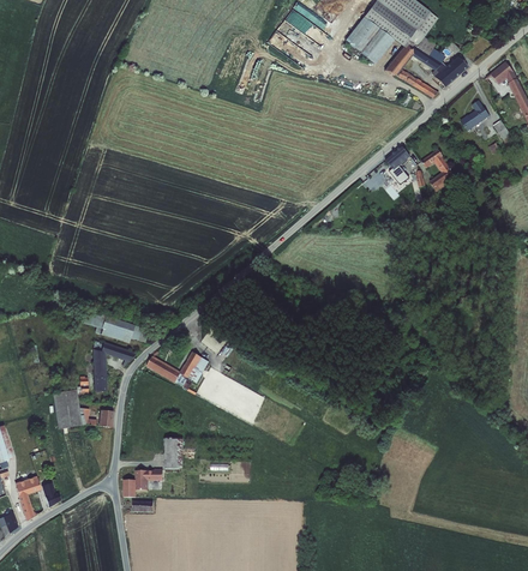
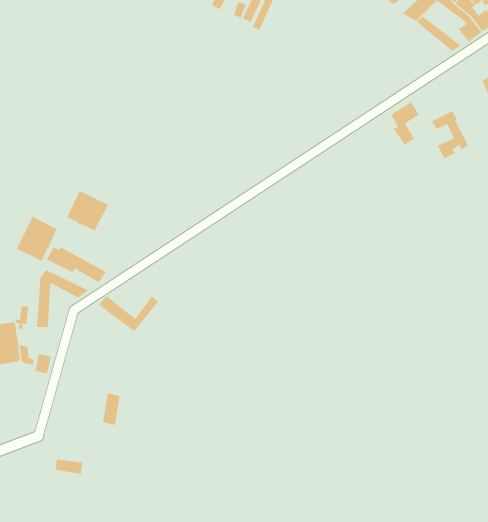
building: none -> [67,190,109,231]
building: none -> [16,216,57,261]
building: [125,467,164,494] -> none

